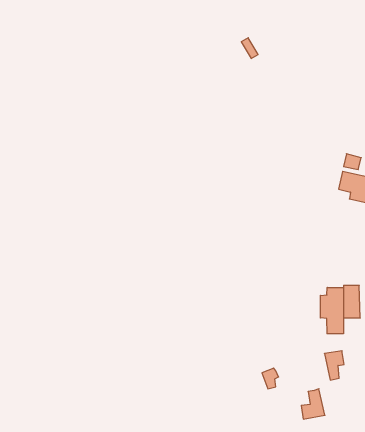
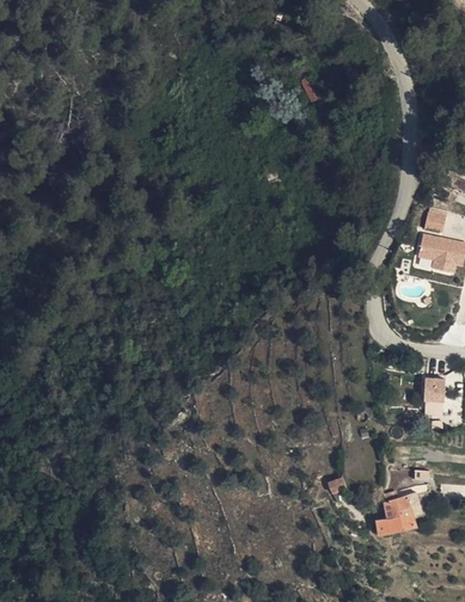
building: [320,287,344,334] -> none
building: [324,351,344,380] -> [394,496,418,532]

